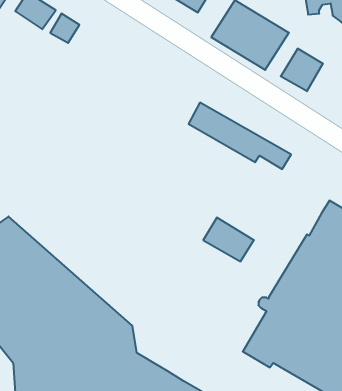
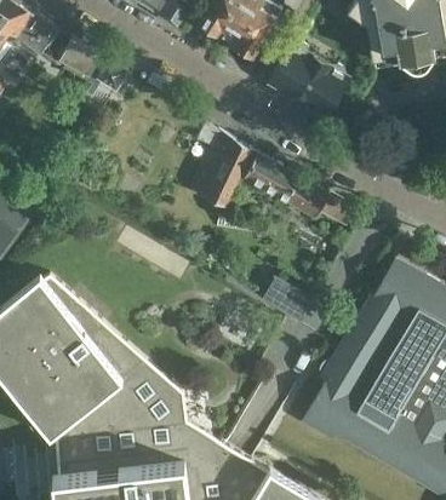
building: [281,48,323,91] -> none
building: none -> [187,123,256,207]

